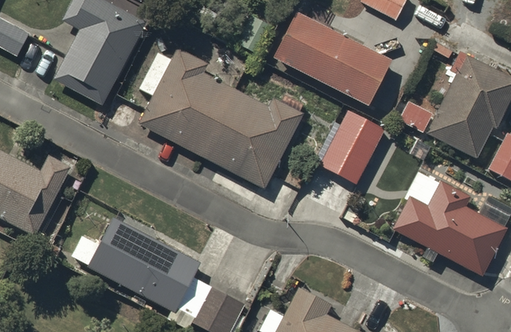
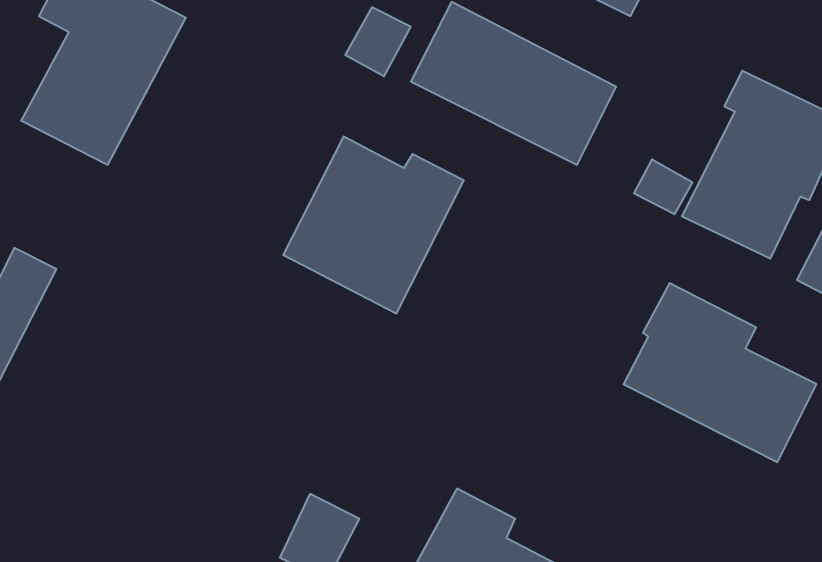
building: [139,47,235,155] -> none
building: [320,112,384,184] -> none
building: [71,217,200,311] -> none

